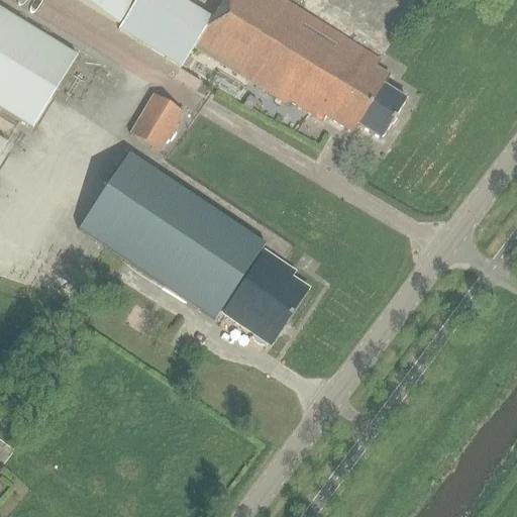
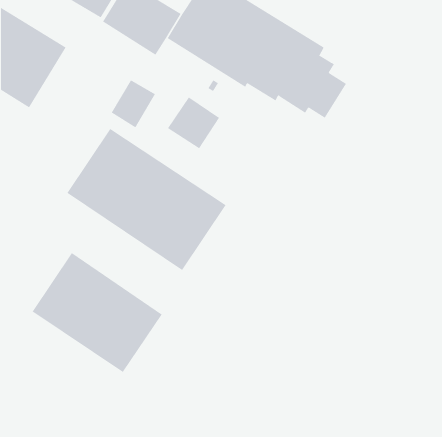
building: none -> [167,96,220,149]
building: [216,241,309,343] -> none
building: none -> [32,252,162,373]

